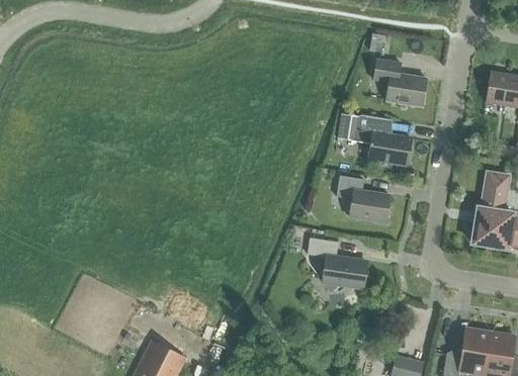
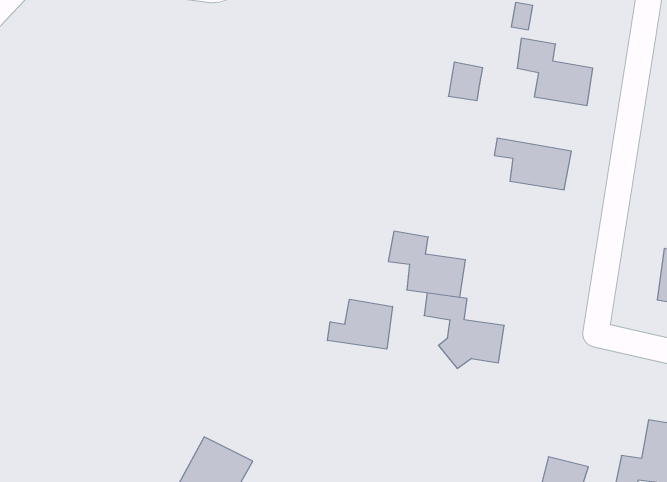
building: [337,113,361,140] -> [448,62,483,101]
building: [336,175,391,221] -> [388,231,465,297]
building: none -> [327,299,392,349]

